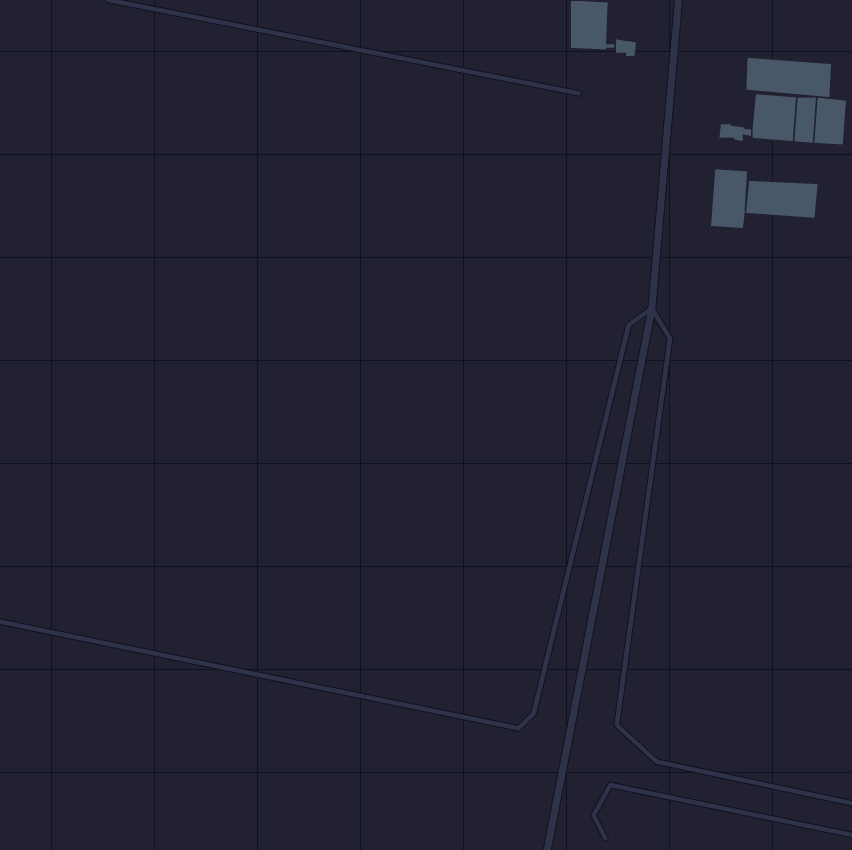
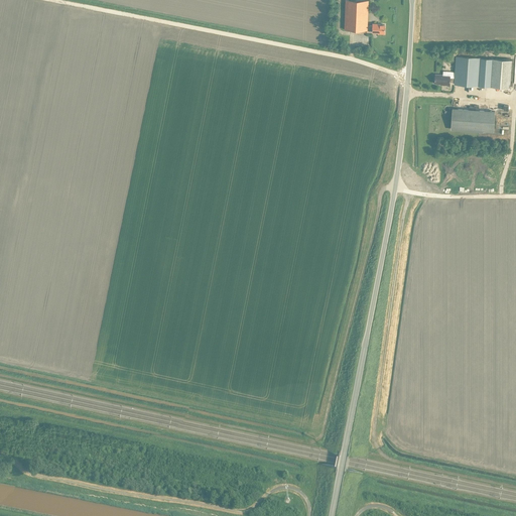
building: [746,57,832,98] -> none
building: [710,168,748,229] -> none

